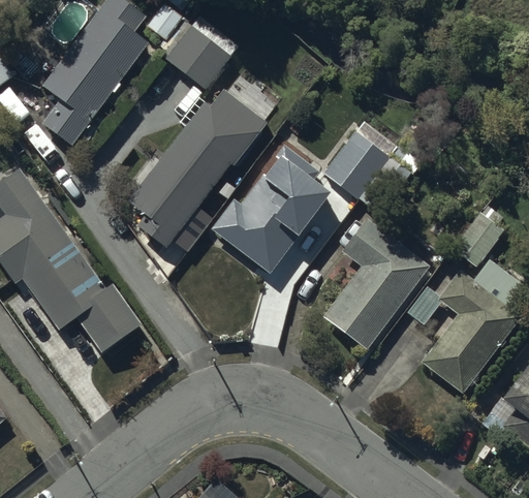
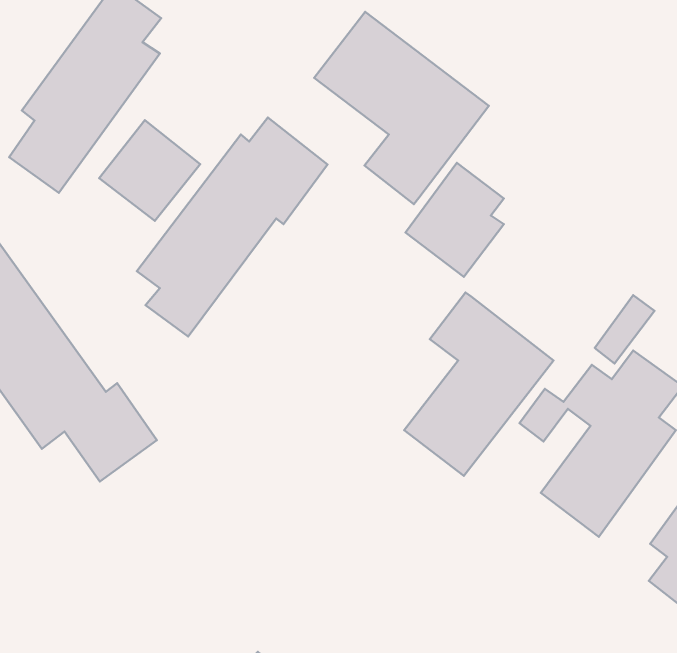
building: none -> [314,12,489,204]
building: [165,17,239,90] -> [99,120,200,221]
building: [210,145,336,276] -> none

